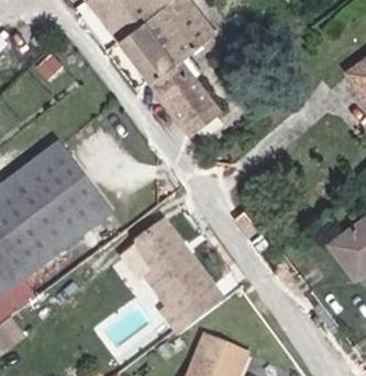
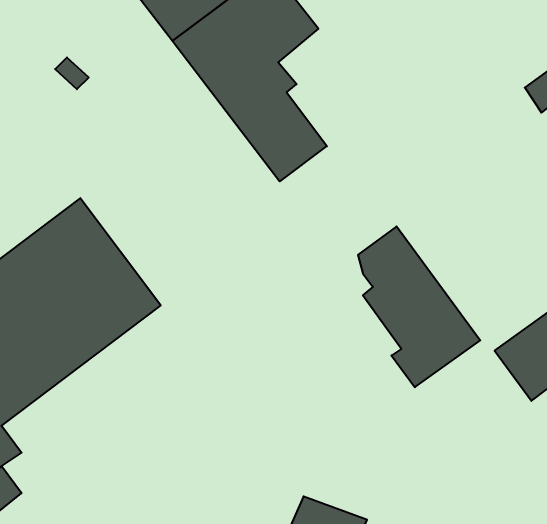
building: [141,228,221,333] -> [358,226,480,387]

